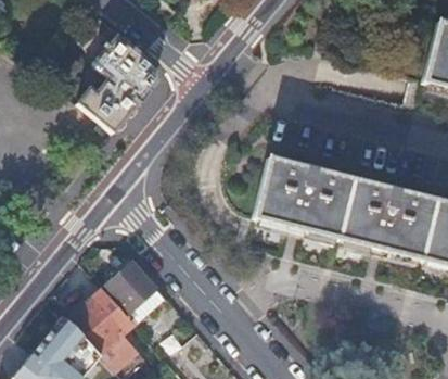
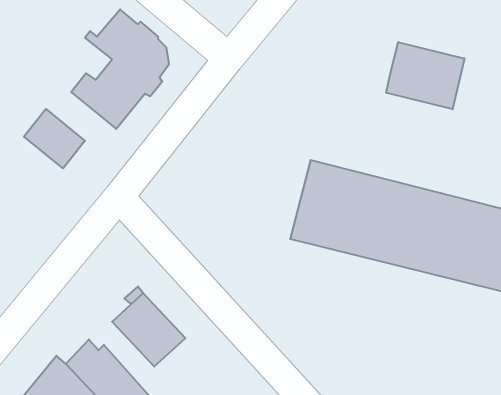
building: none -> [386,42,464,109]
building: none -> [24,109,85,168]

